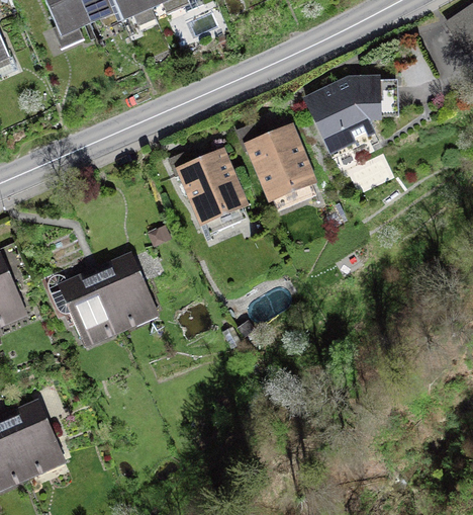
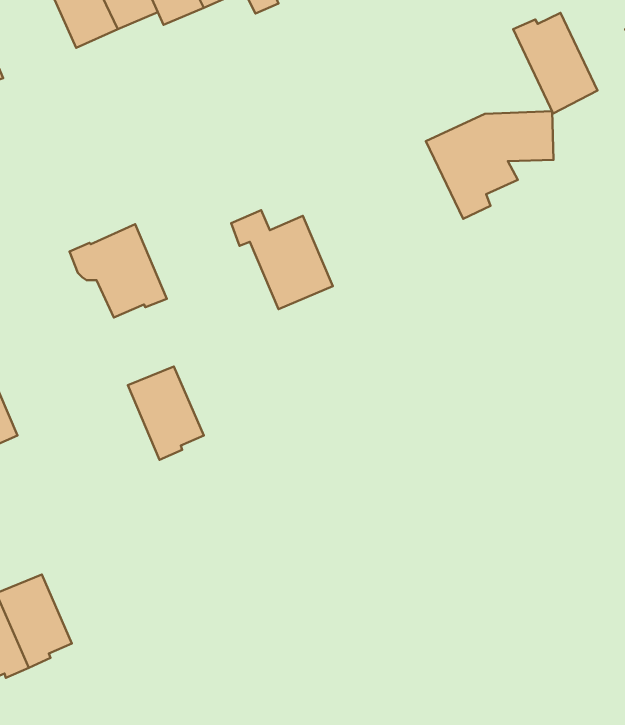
building: none -> [513,13,598,114]
building: [238,123,311,194] -> none
building: [52,272,120,338] -> [69,224,167,317]

